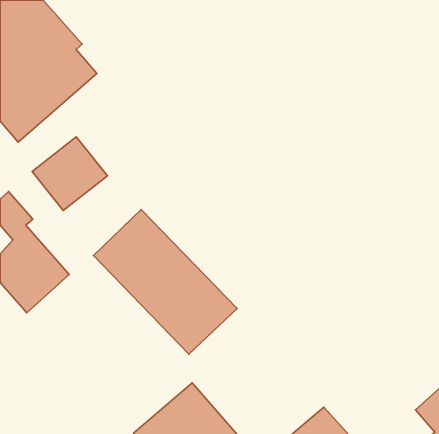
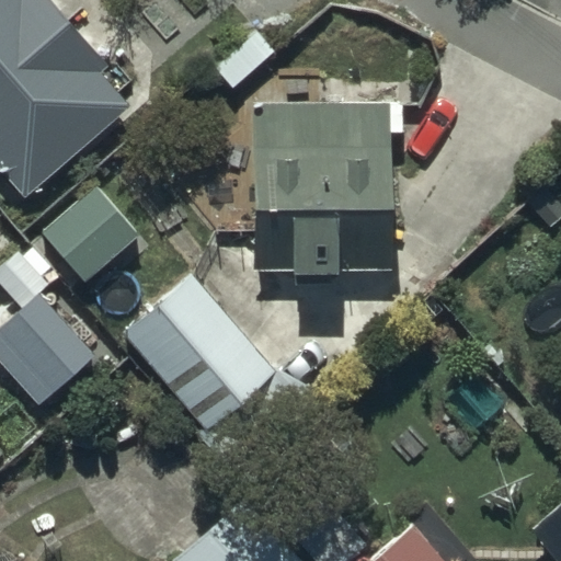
building: none -> [254,106,391,299]

